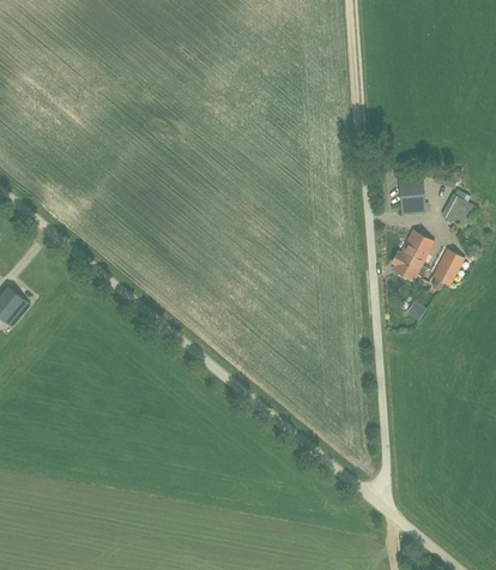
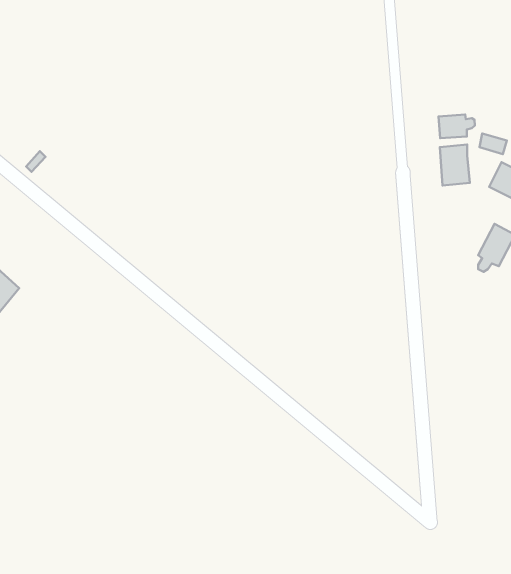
building: none -> [438,114,475,138]
building: [391,229,434,280] -> none

